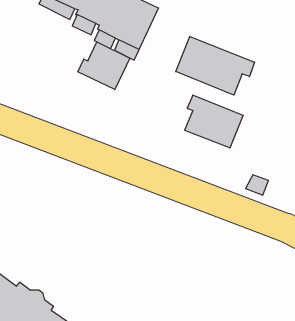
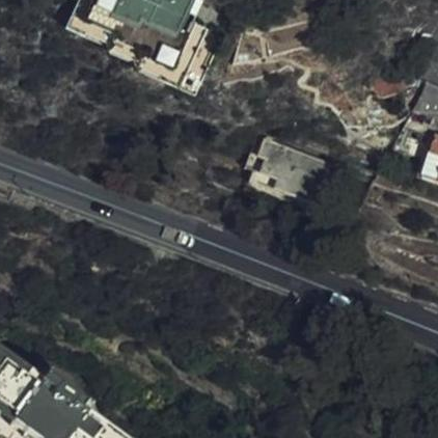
building: [176,36,255,95] -> none
building: [78,42,130,90] -> none

